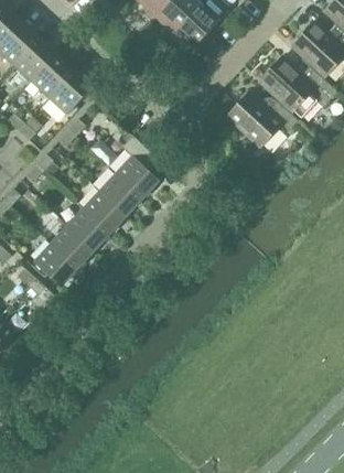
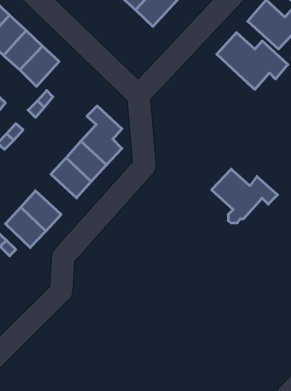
building: [226,93,297,150] -> [212,169,278,223]
building: [65,207,109,250] -> none

